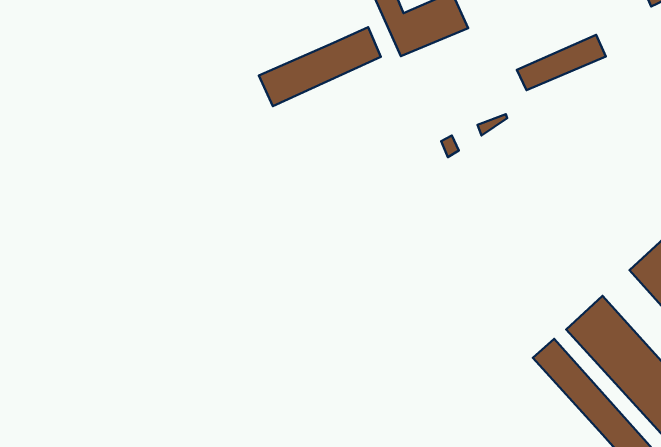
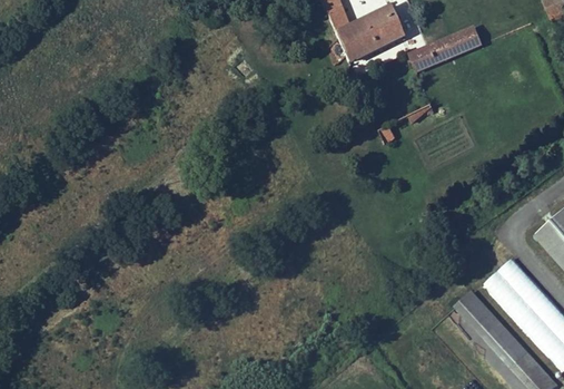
building: [259,27,381,106] -> none
building: [517,35,606,90] -> [410,26,484,71]

